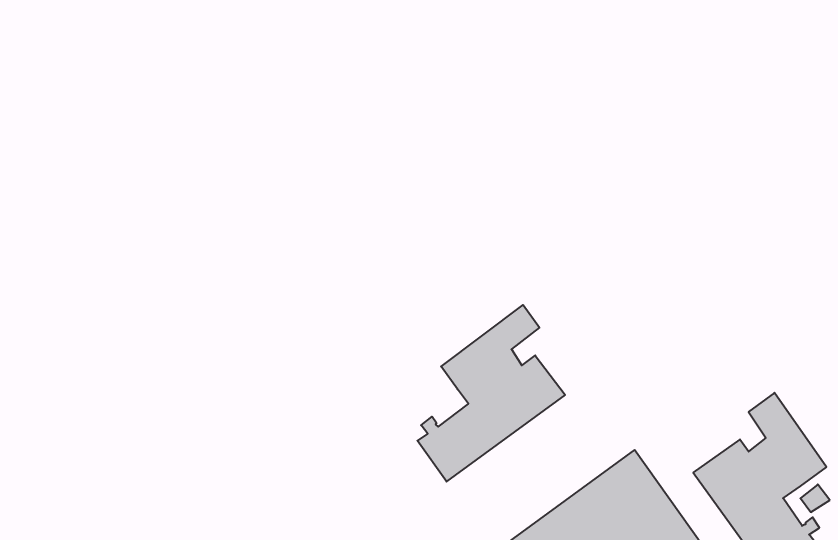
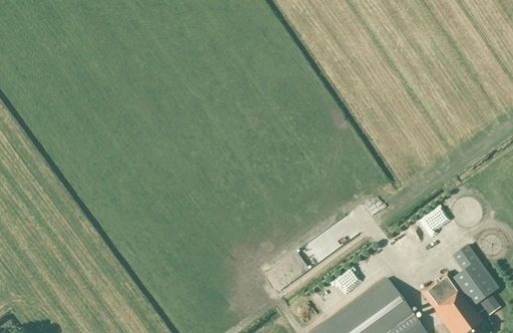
building: [417,305,565,482] -> none

